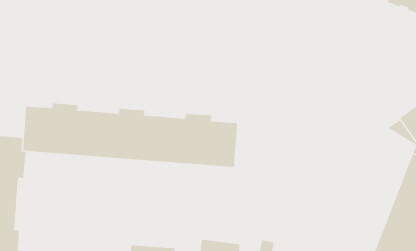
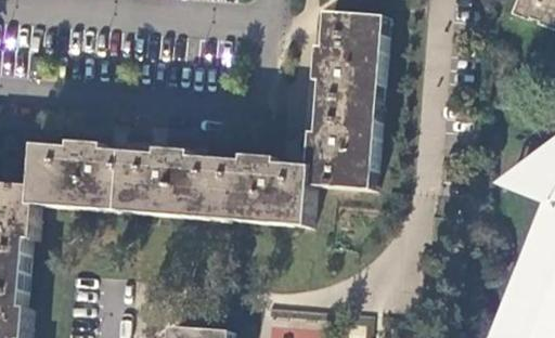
building: none -> [311,11,388,186]

